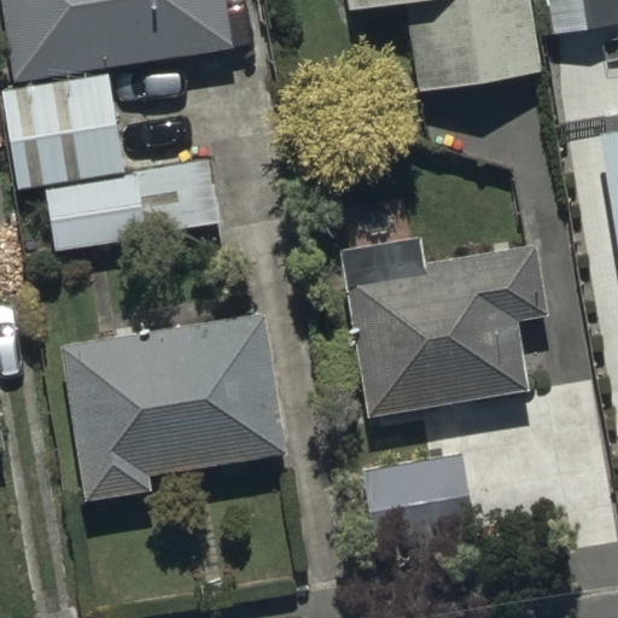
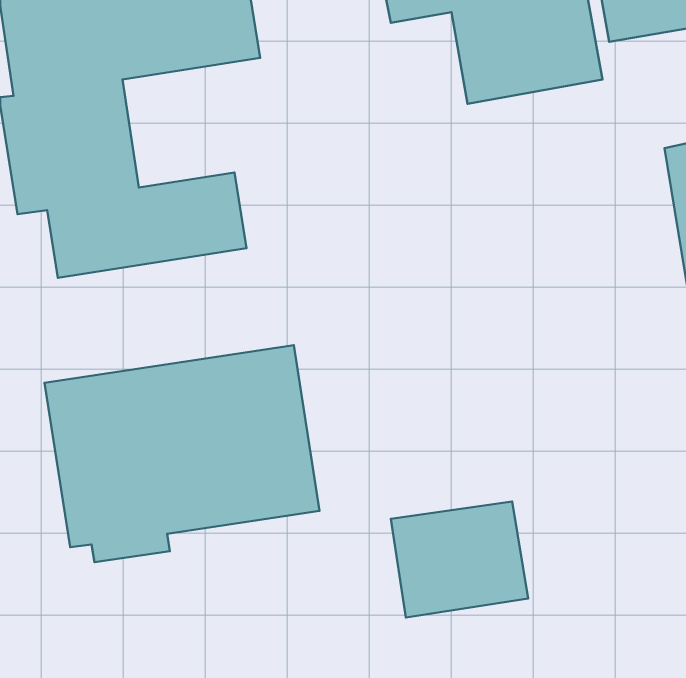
building: [340,235,552,419] -> none

